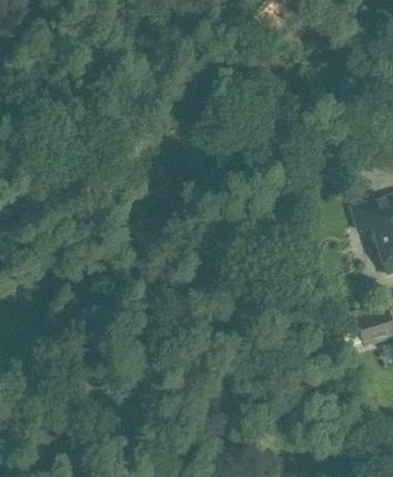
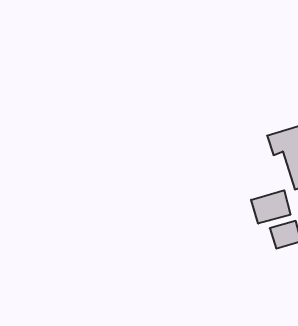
building: none -> [251,190,290,224]

